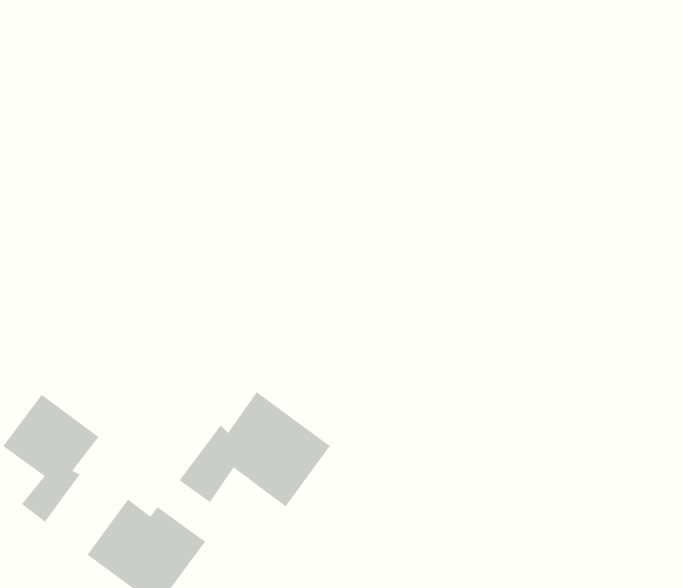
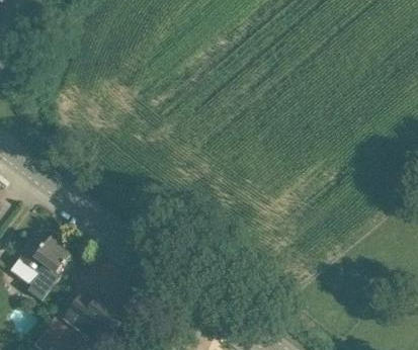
building: [178,391,331,508] -> none

